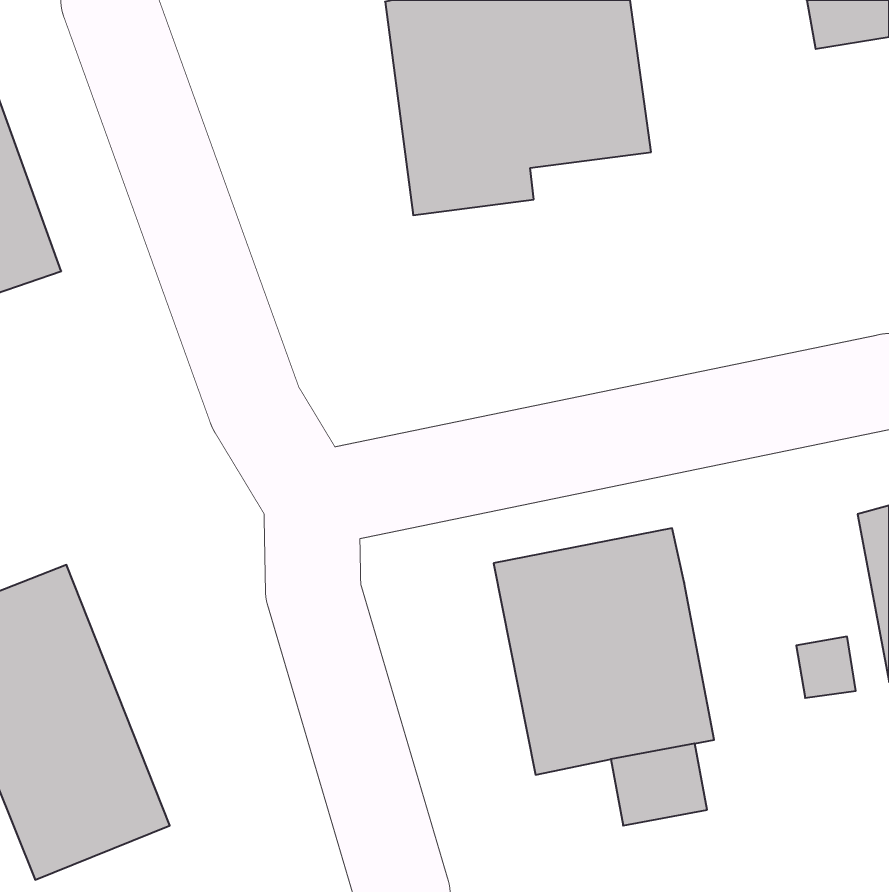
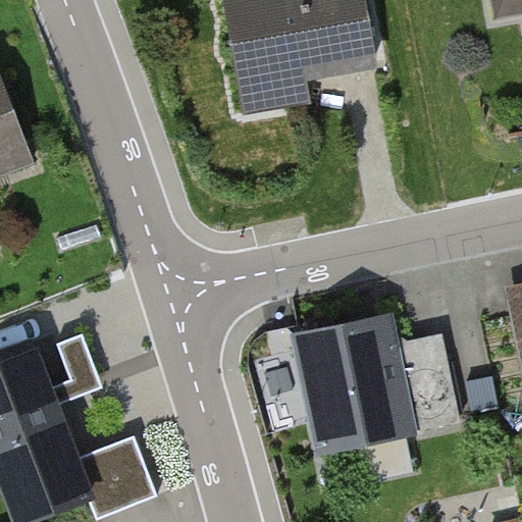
building: none -> [399,332,459,432]
building: none -> [89,430,160,512]

